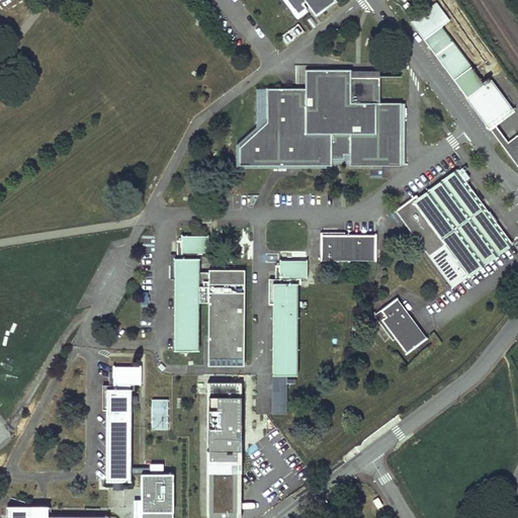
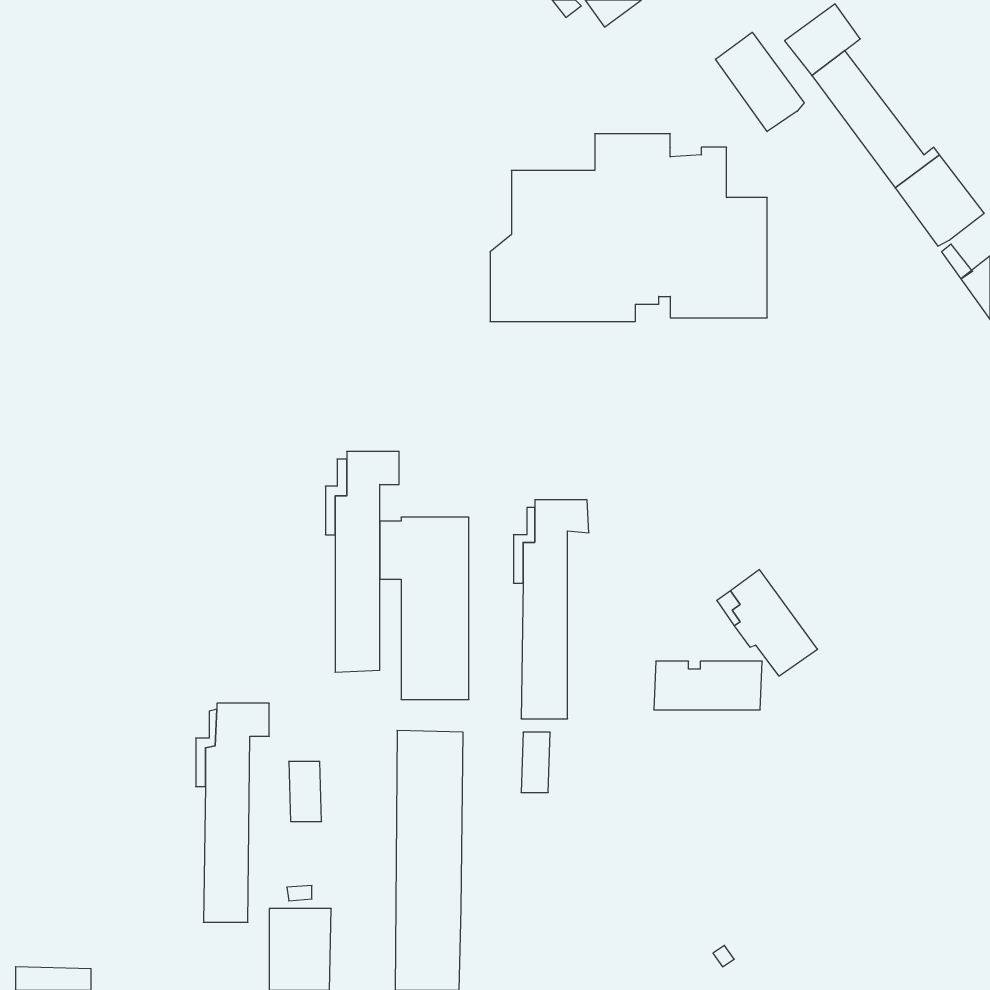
building: none -> [715,32,804,132]
building: [237,132,256,168] -> none
building: [395,171,513,287] -> none
building: [320,235,376,260] -> [654,661,762,710]

